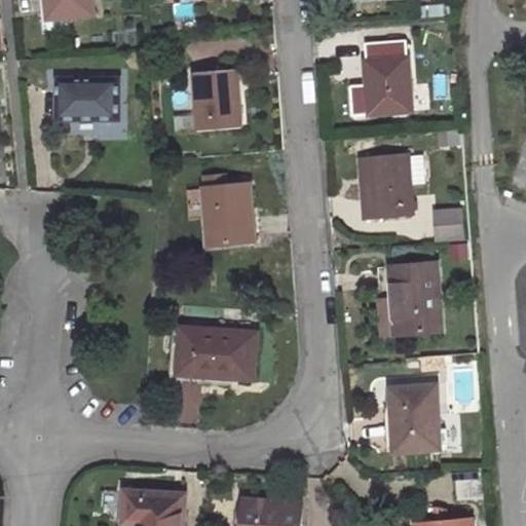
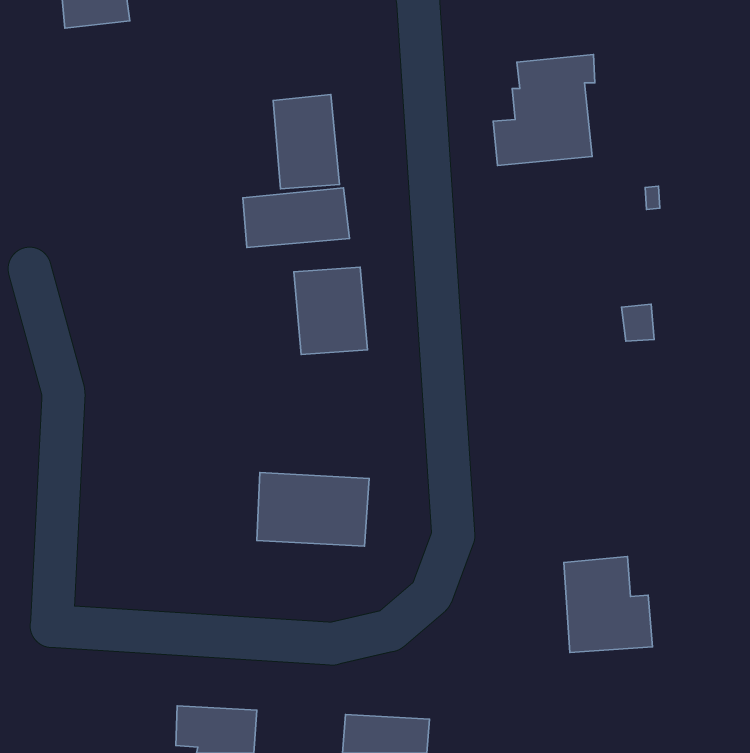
building: [50,77,113,118] -> none
building: none -> [243,188,349,248]
building: [359,155,423,222] -> none
building: [388,263,442,336] -> none

